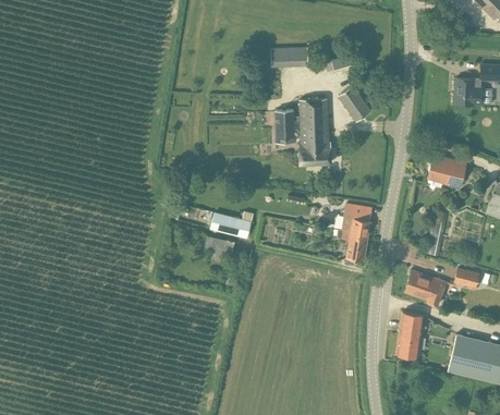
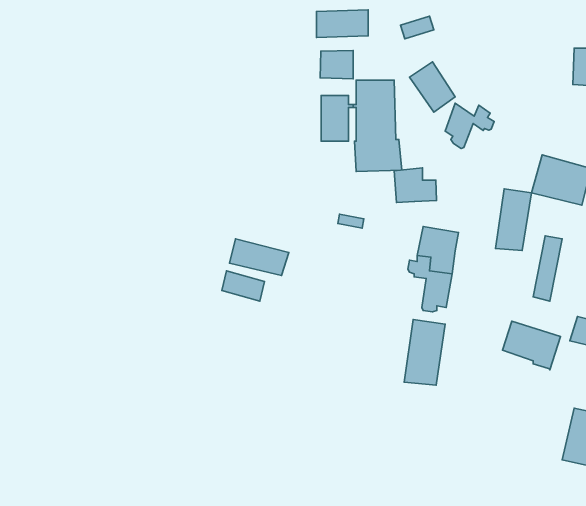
building: none -> [320,51,353,79]
building: none -> [445,103,494,149]
building: none -> [394,168,436,203]
building: none -> [496,189,532,250]
building: [395,312,425,358] -> [404,320,445,385]

